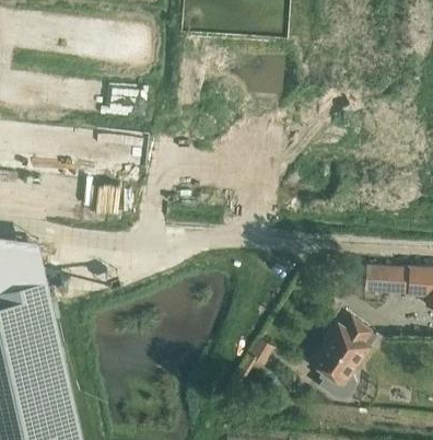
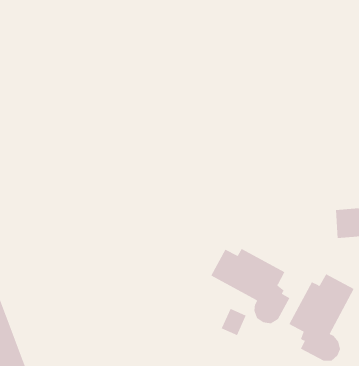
building: none -> [211,248,290,324]

